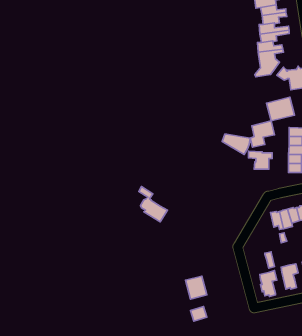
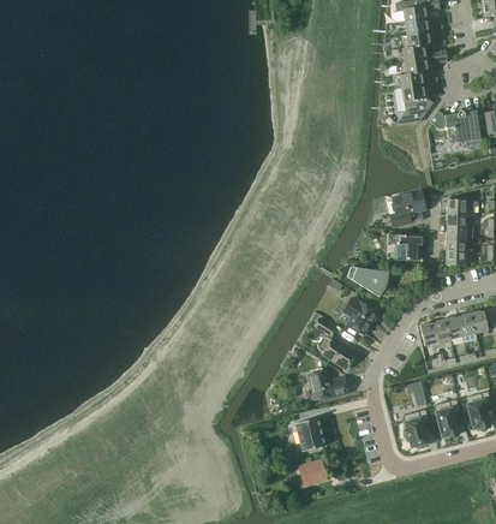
building: [267,97,295,121] -> none
building: [222,134,250,154] -> [347,266,388,296]
building: [139,187,167,222] -> [315,317,357,369]
building: none -> [342,297,377,334]
building: none -> [307,369,347,399]

